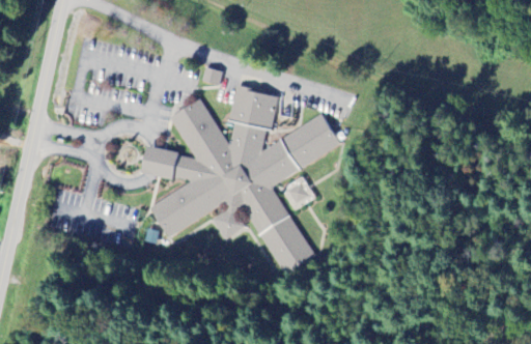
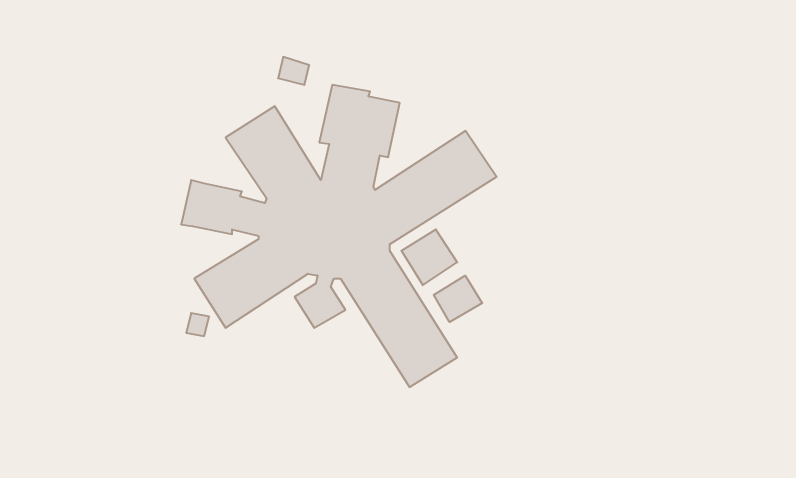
building: none -> [434,276,482,322]

